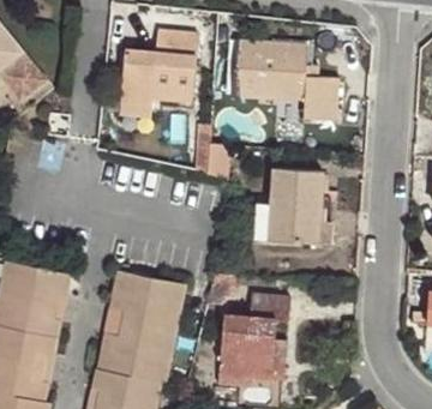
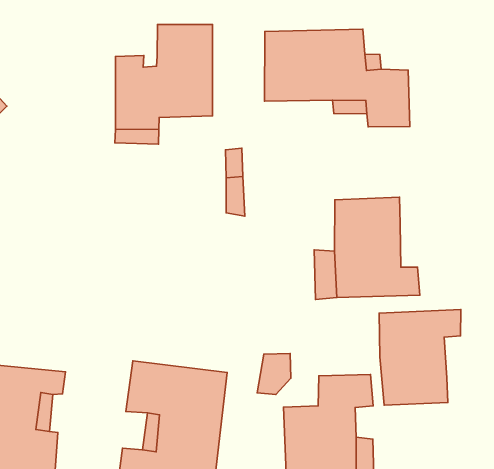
building: none -> [379,309,461,405]

